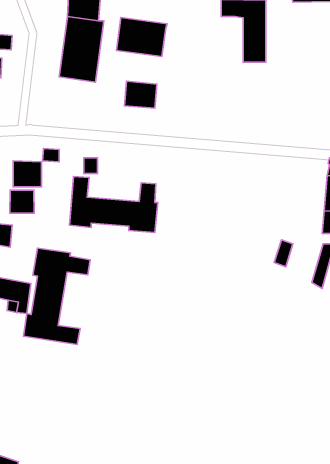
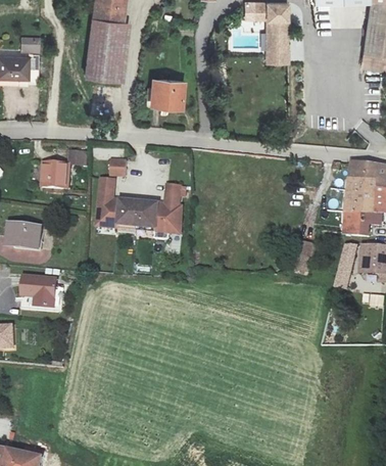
building: [117,17,167,57] -> none
building: [10,190,34,213] -> none
building: [23,248,90,345] -> none

